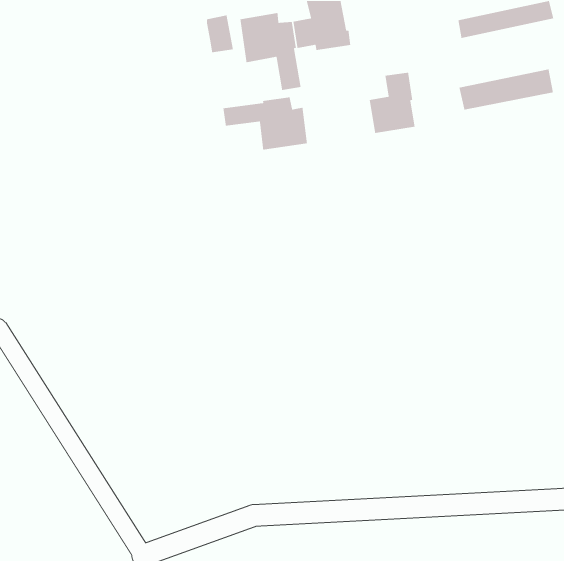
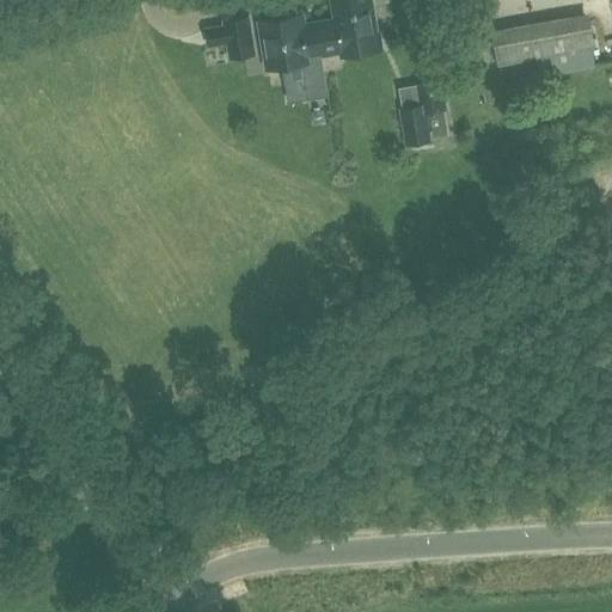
building: [458,68,554,110] -> [501,27,604,73]
building: [223,97,308,151] -> none

